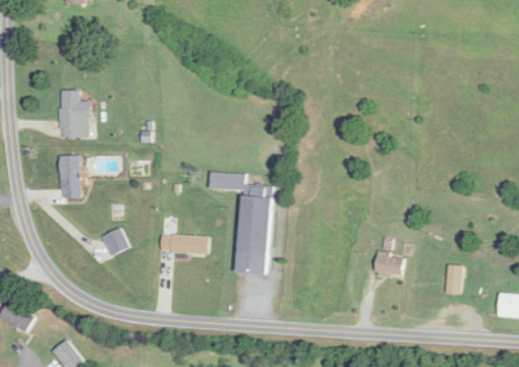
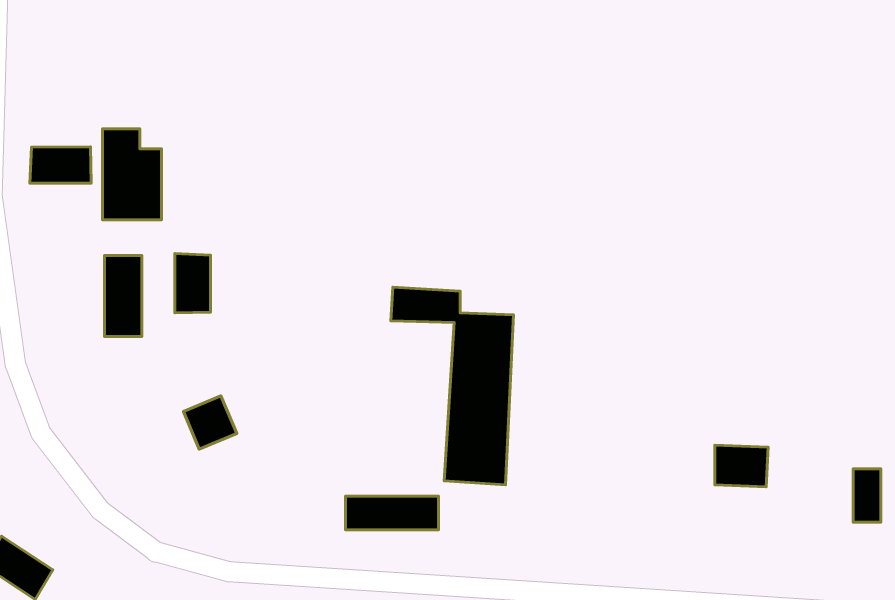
building: none -> [30,147,91,183]
building: none -> [175,253,211,313]
building: [160,235,208,252] -> [346,496,439,530]

